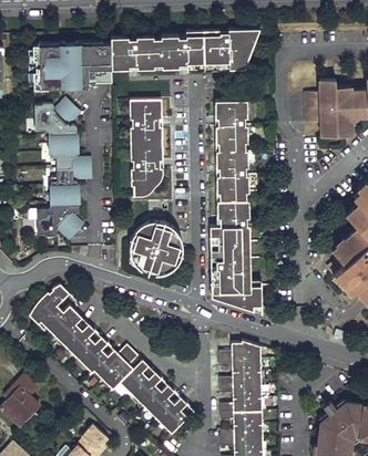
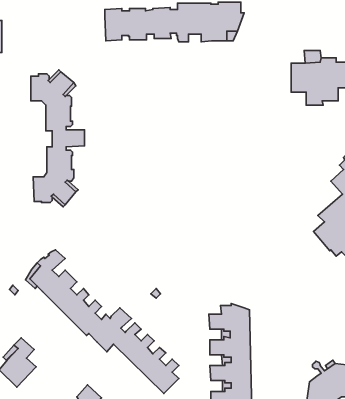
building: [32,44,112,90] -> none
building: [130,100,163,197] -> none
building: [209,101,262,311] -> none
building: [130,222,182,274] -> none

